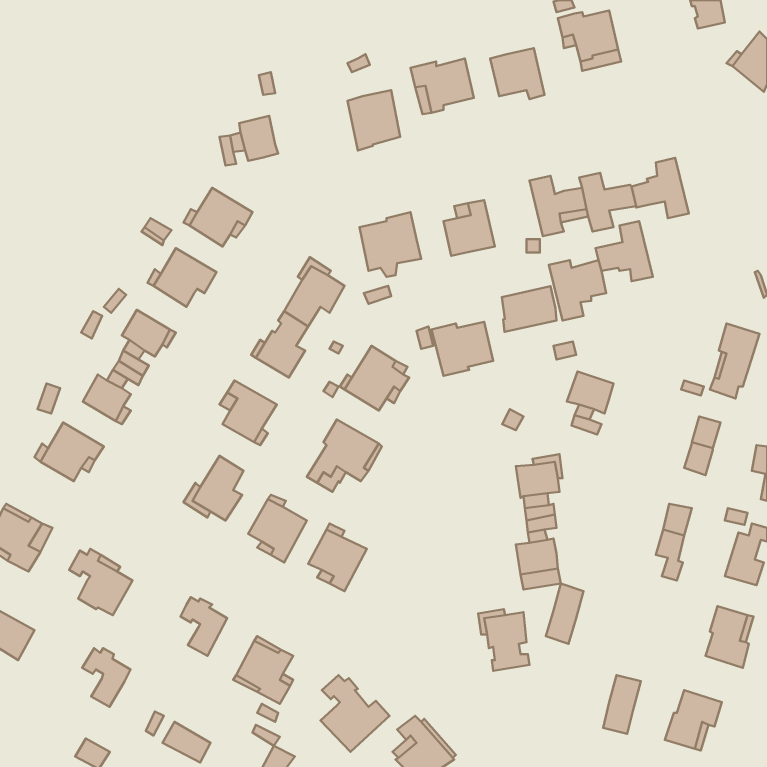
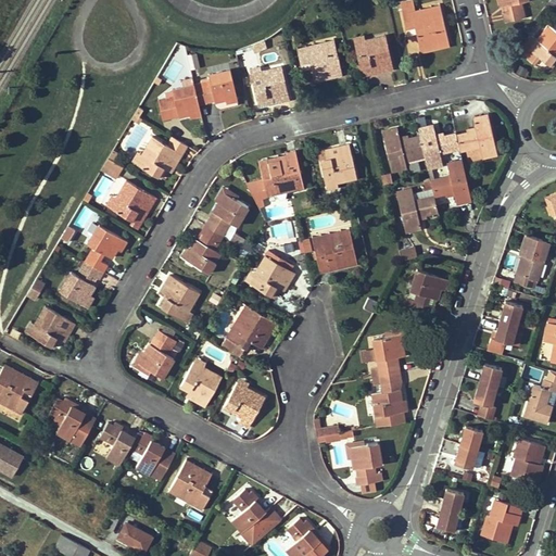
building: none -> [194,70,237,105]
building: [502,286,557,332] -> none
building: [546,584,584,644] -> [454,426,481,469]
building: [82,648,130,707] -> [100,422,135,465]

